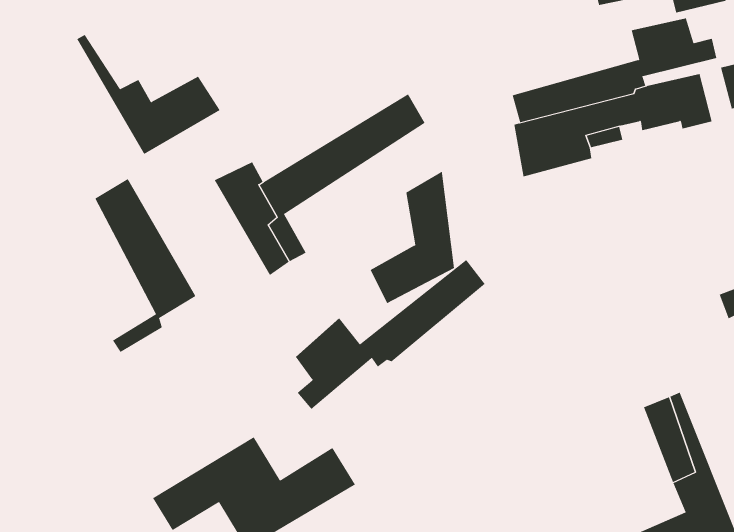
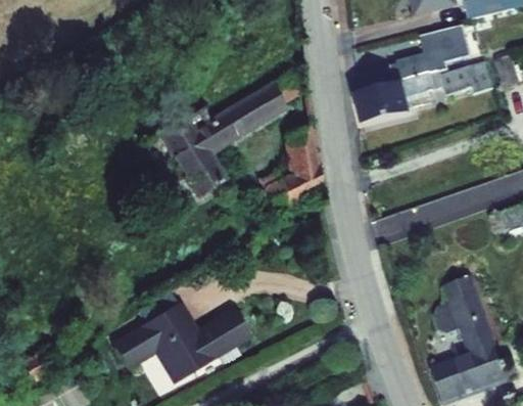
building: [77,34,220,155] -> none
building: [95,178,196,353] -> none
building: [295,259,486,410] -> none

